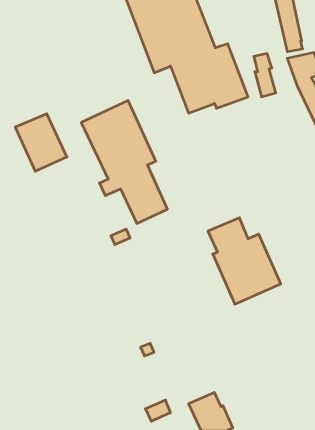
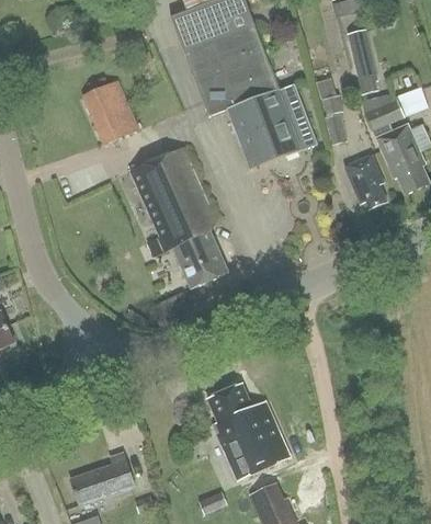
building: none -> [347,155,386,207]
building: [15,114,67,171] -> [80,78,139,144]
building: [208,218,281,304] -> [205,383,288,481]
building: none -> [70,453,136,506]

